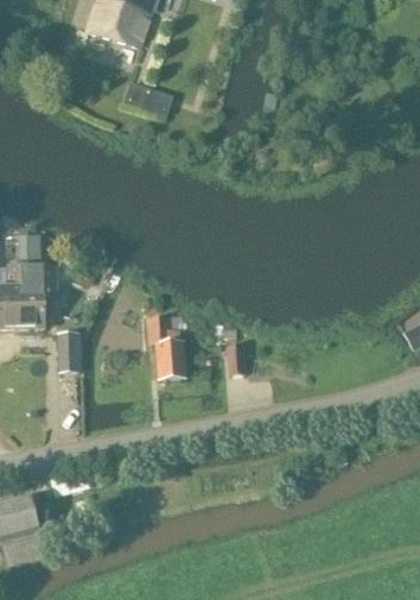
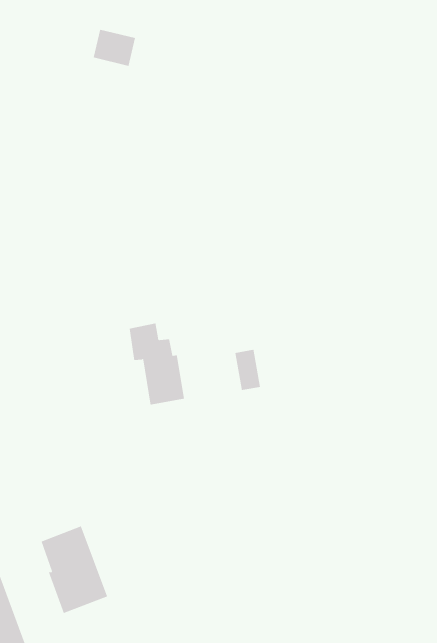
building: [58,329,78,368] -> none
building: none -> [41,526,108,614]

